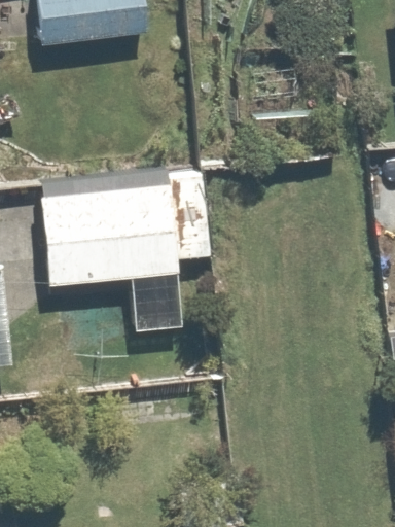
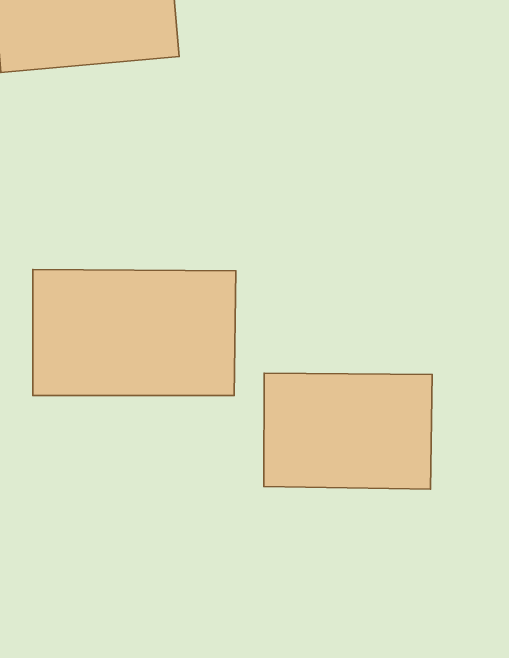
building: none -> [264,373,432,489]

